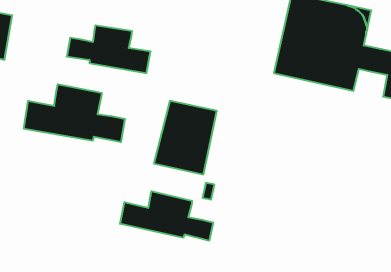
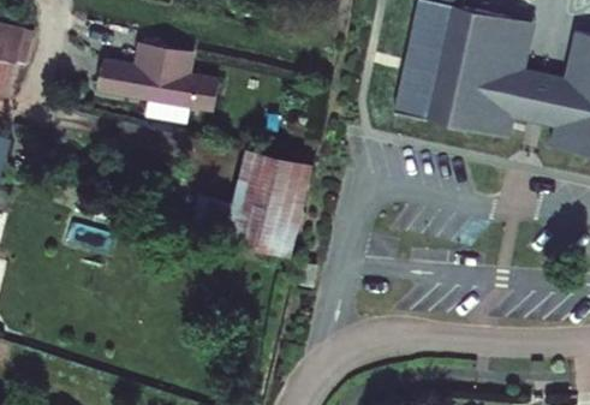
building: [24,84,125,142] -> none
building: [120,191,213,241] -> none

